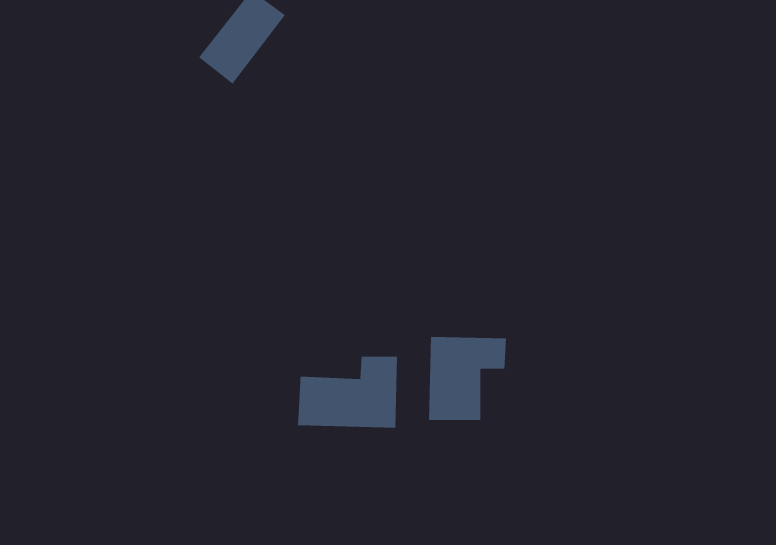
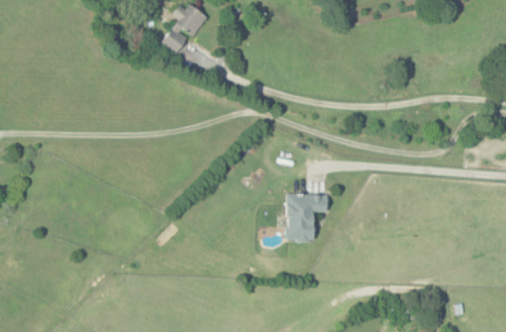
building: [297,356,398,428] -> none

